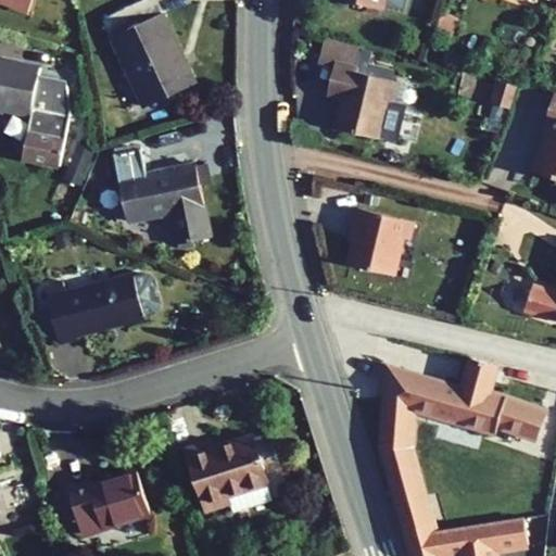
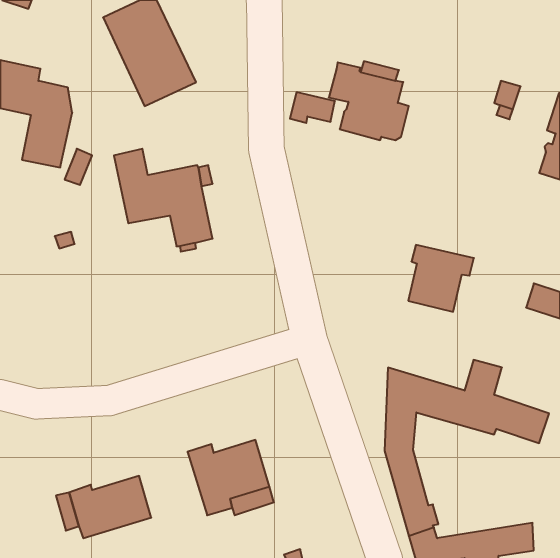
building: [317,39,362,70] -> [290,92,335,123]
building: [345,206,410,273] -> [408,245,474,312]
building: [45,276,161,343] -> none

